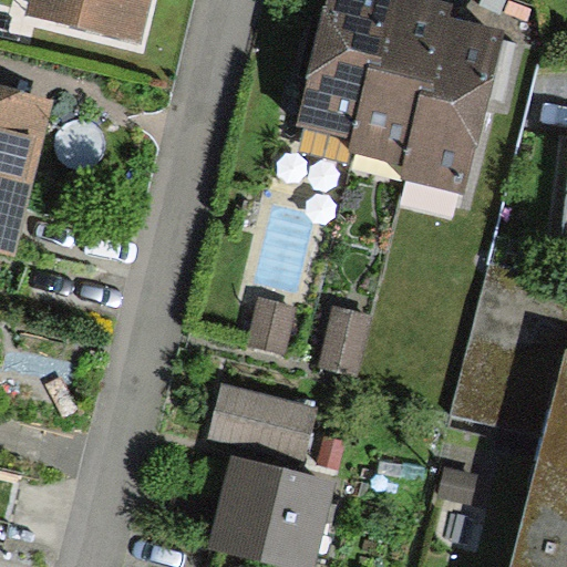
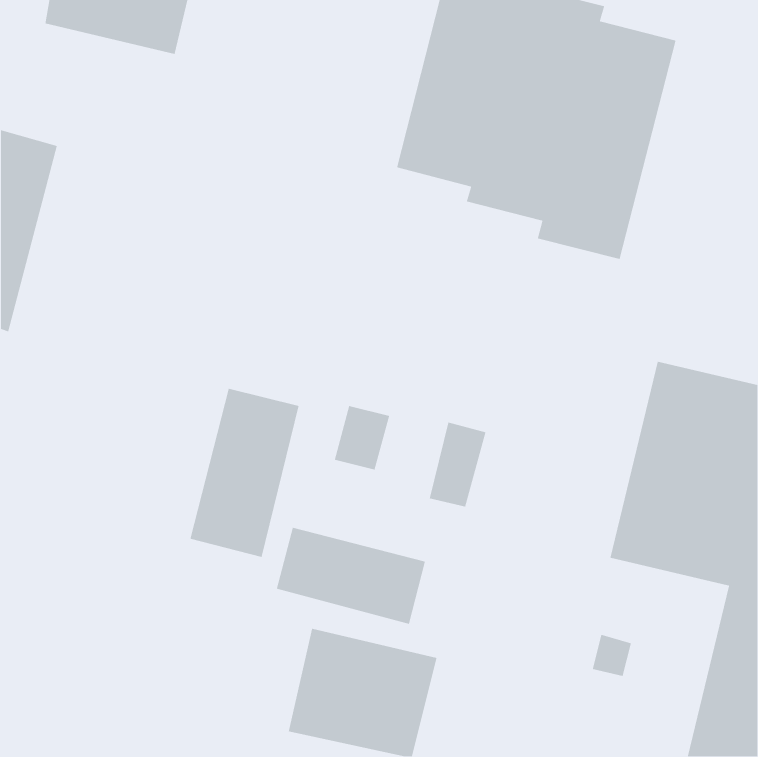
building: none -> [189,388,299,558]

